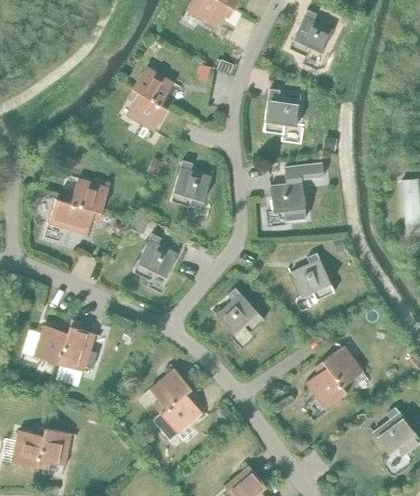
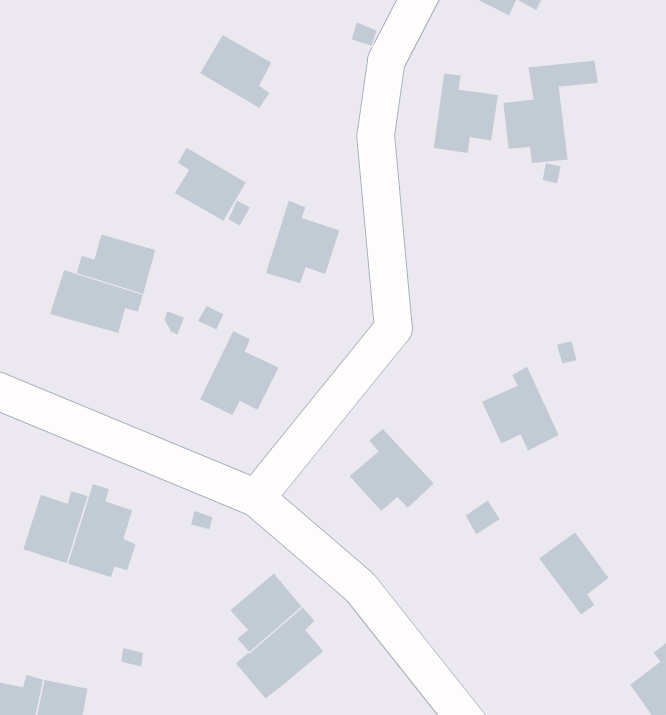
building: [126,89,167,131] -> [174,147,247,222]
building: [270,162,324,220] -> [502,60,599,163]
building: [307,361,347,408] -> none

